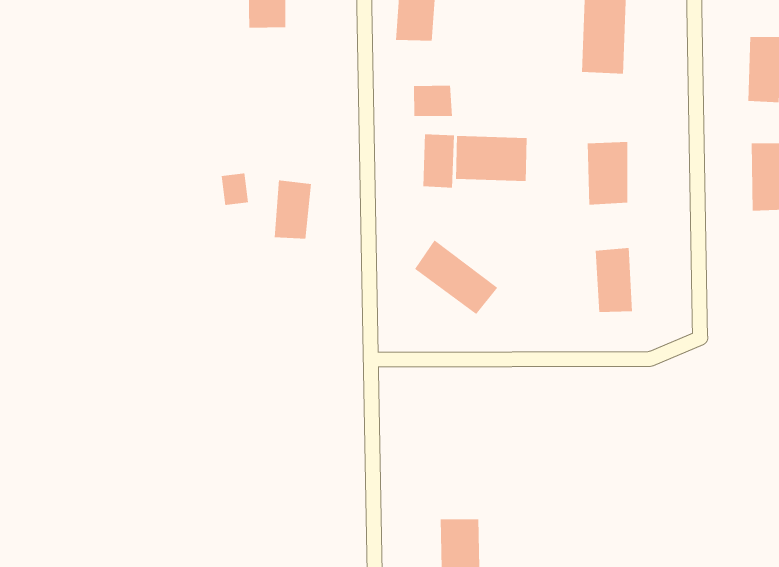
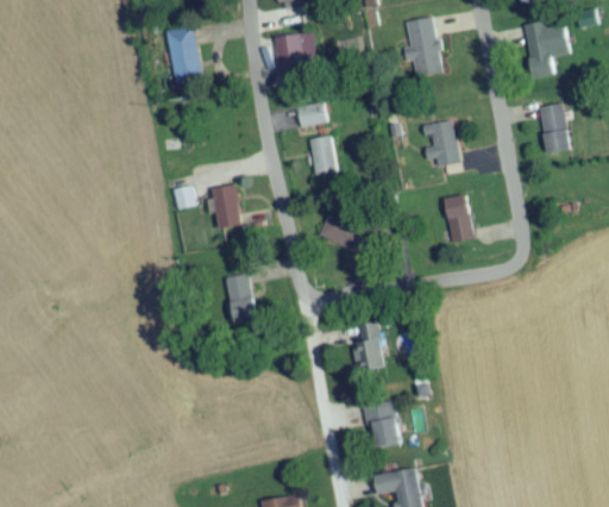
building: [456,135,527,182] -> none
building: none -> [226,273,257,323]
building: none -> [356,321,382,370]

